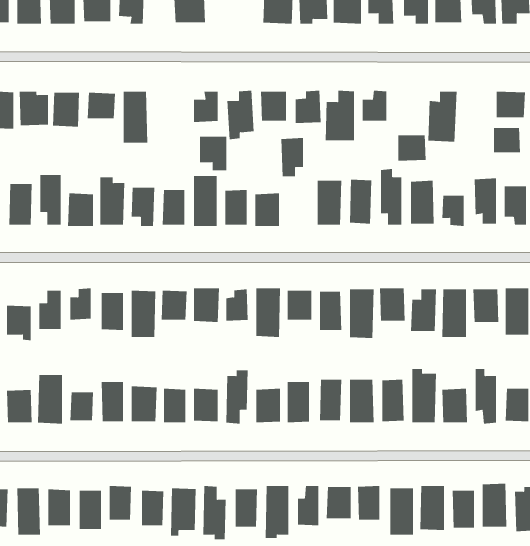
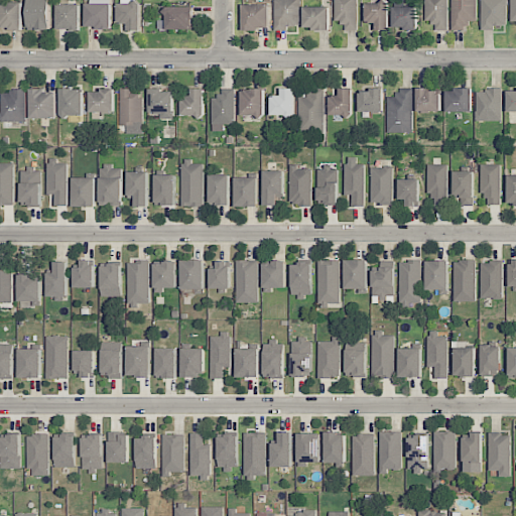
building: [493,127,521,153] -> [415,90,439,112]
building: [398,135,427,161] -> [357,90,382,113]
building: [199,136,227,171] -> [147,90,171,120]
building: [281,138,304,177] -> [262,170,282,205]

